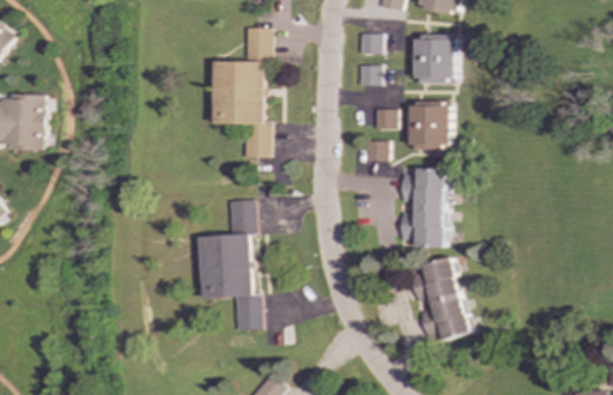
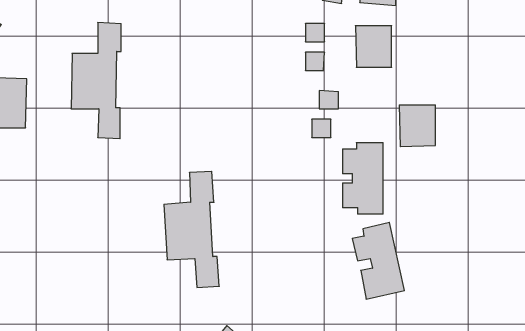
building: [213,26,269,157] -> [71,23,121,139]
building: [408,101,449,147] -> [399,105,435,147]

